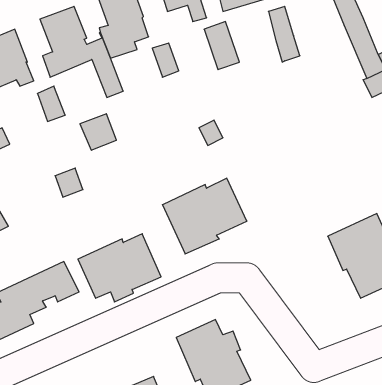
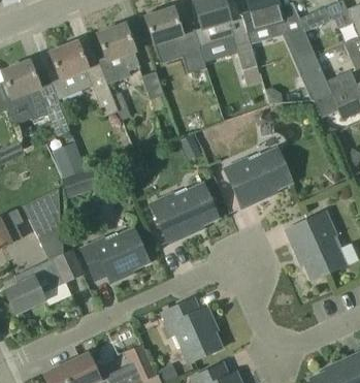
building: [80,114,116,150] -> [54,148,84,178]
building: none -> [223,148,292,208]
building: none -> [29,188,61,240]

